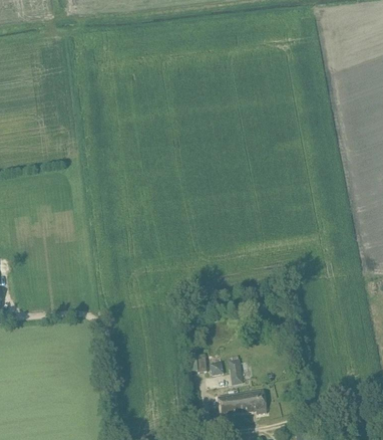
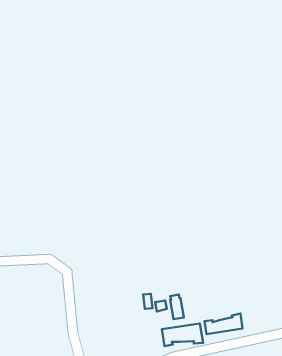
building: none -> [204,314,242,334]

